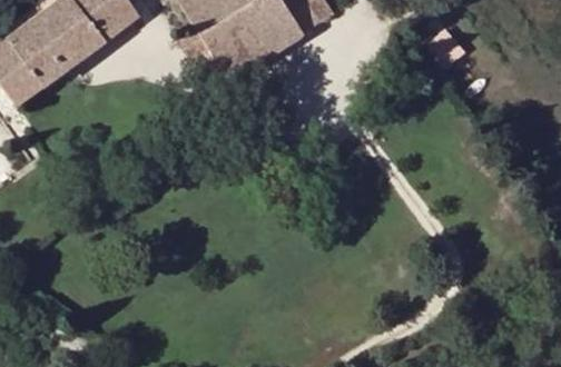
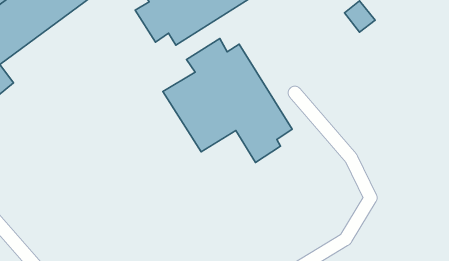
building: none -> [163,39,292,163]

